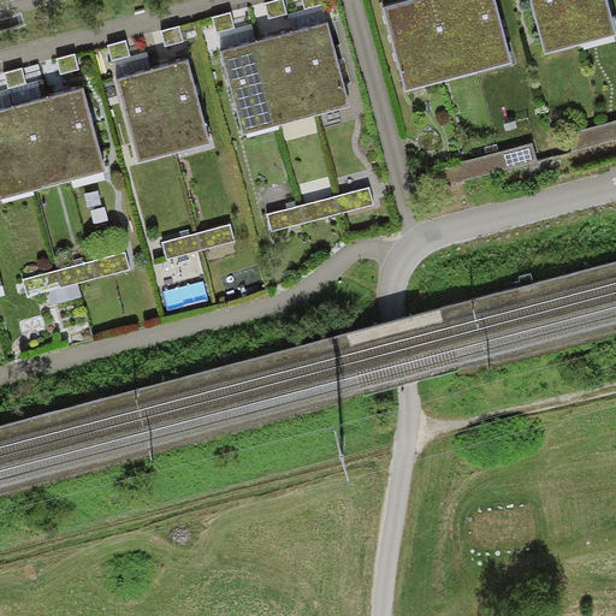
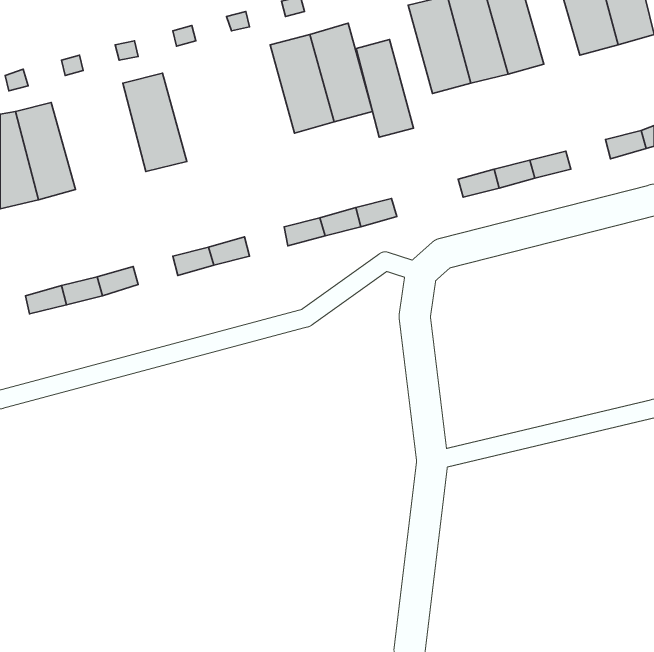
building: [223,42,277,134] -> [356,40,414,137]
building: [153,59,209,152] -> none
building: [48,87,105,178] -> none

